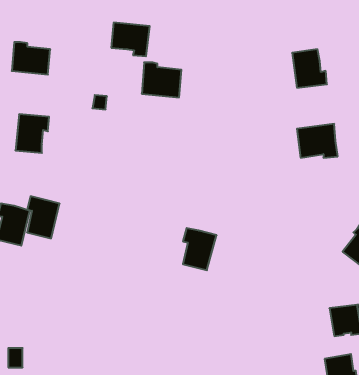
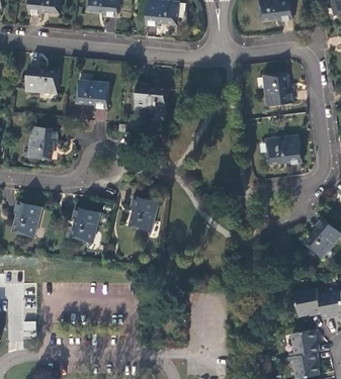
building: [111,23,150,56] -> [76,77,108,105]
building: [27,196,60,238] -> [72,206,99,242]
building: [183,228,217,270] -> [131,196,159,231]

